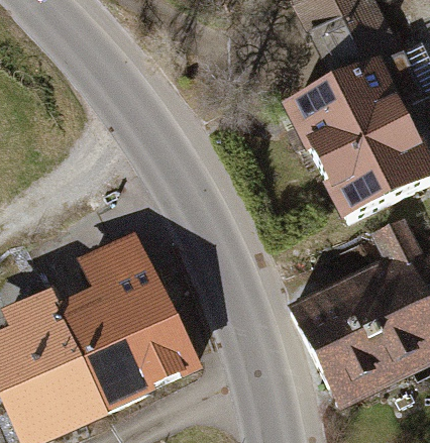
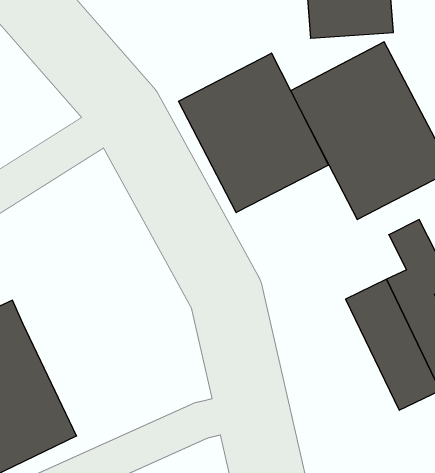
building: none -> [179,53,328,213]
building: [60,235,193,403] -> none
building: [301,285,385,399] -> none

